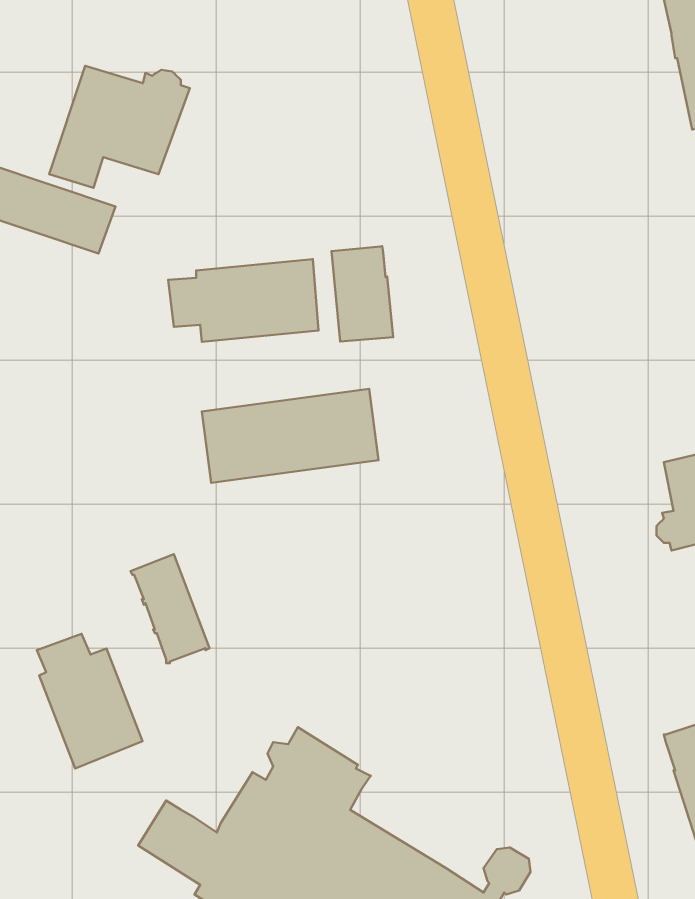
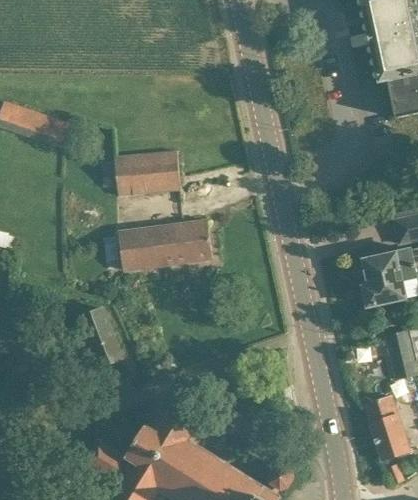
building: [49,66,190,188] -> none
building: [331,246,393,342] -> none
building: [37,634,142,768] -> none

